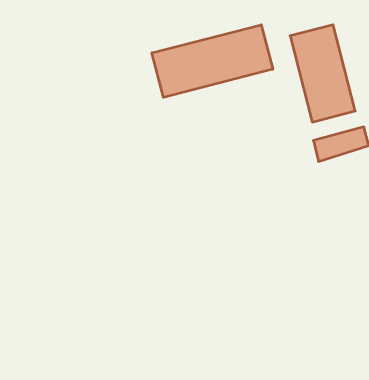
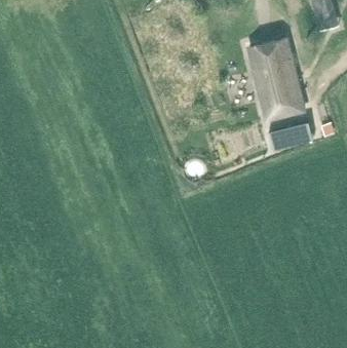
building: [152,25,273,97] -> none

